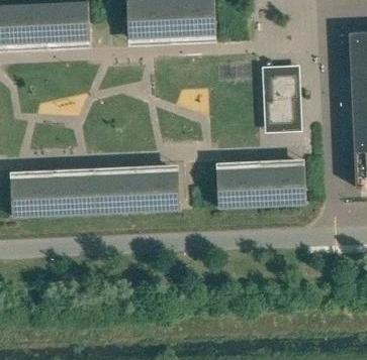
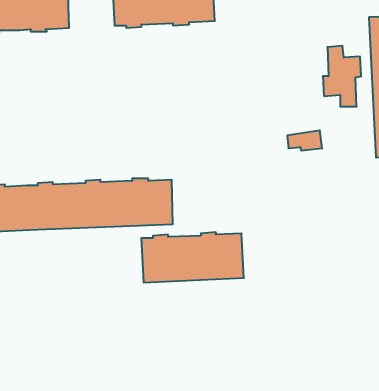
building: [265,73,298,125] -> [323,46,361,107]
building: [216,164,305,208] -> [141,232,244,283]

